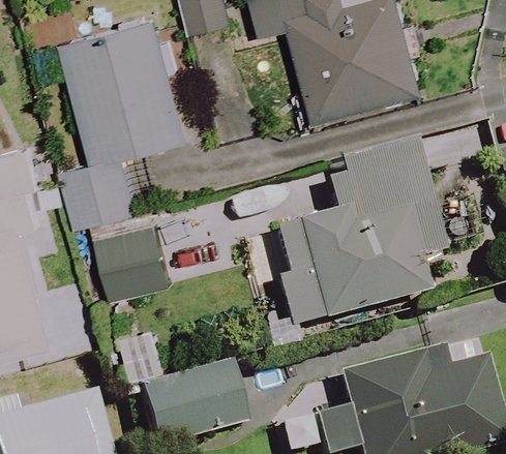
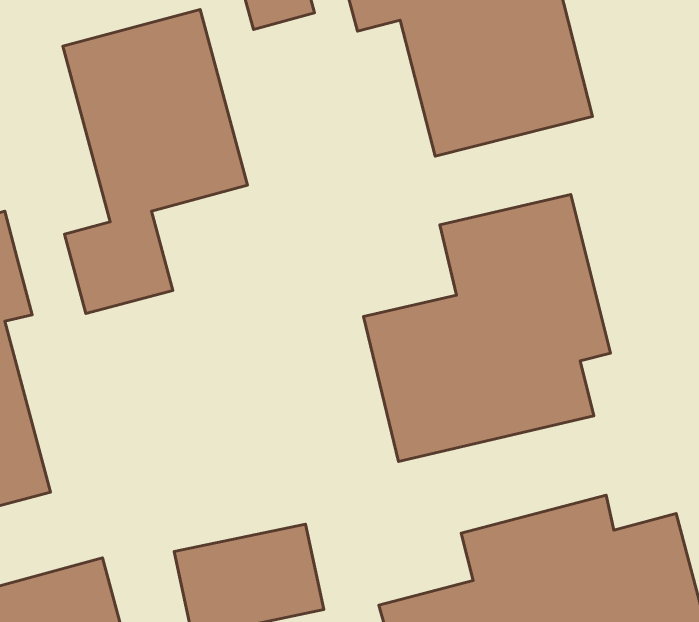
building: [95,223,169,301] -> none

